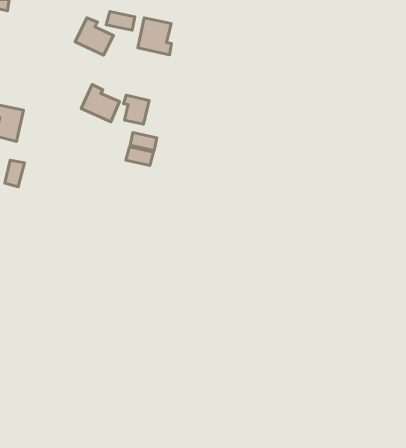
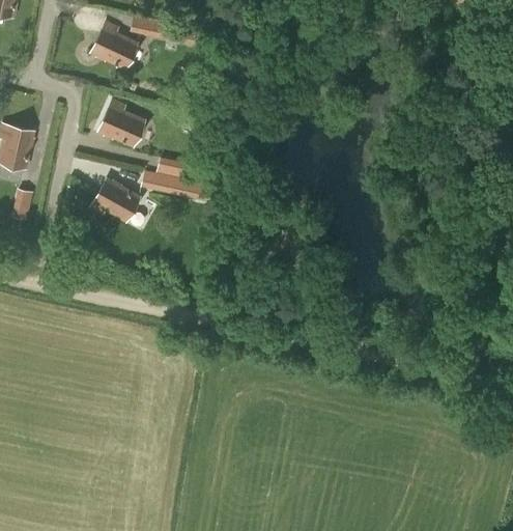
building: [138,18,171,55] -> none
building: [124,95,149,124] -> none
building: none -> [91,179,139,221]

